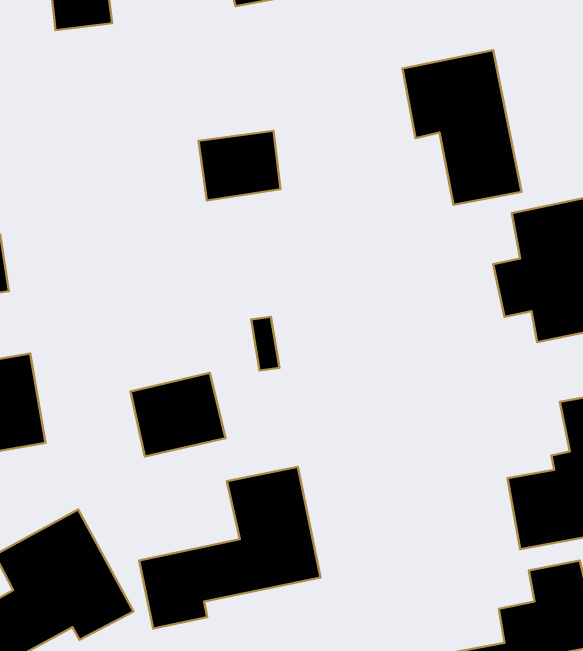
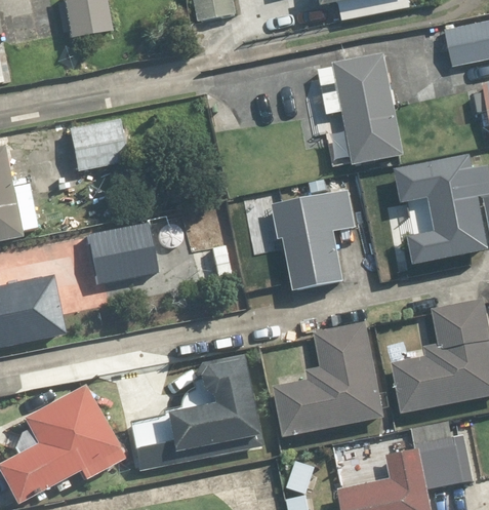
building: [198,131,281,200] -> [65,121,124,171]
building: none -> [274,178,355,290]
building: [131,373,226,457] -> [85,224,154,284]
building: none -> [273,322,386,440]

